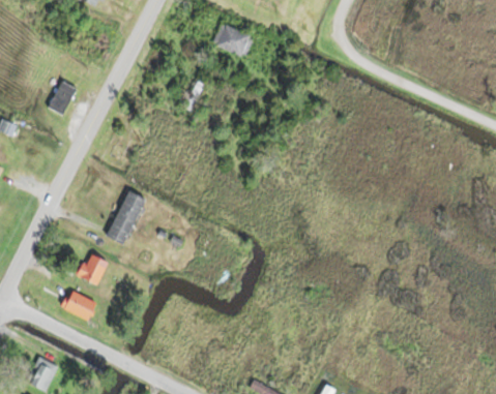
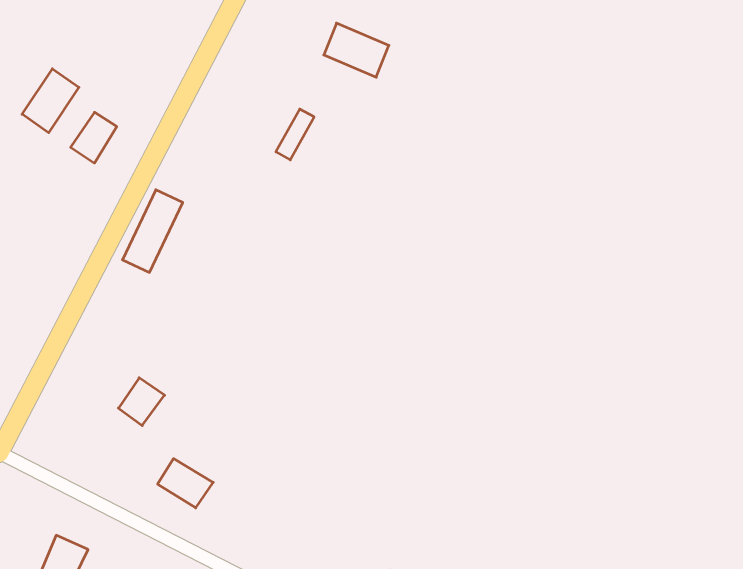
building: none -> [22,69,79,133]
building: [107,190,146,244] -> [122,190,183,272]
building: [61,289,97,321] -> [158,459,213,508]

